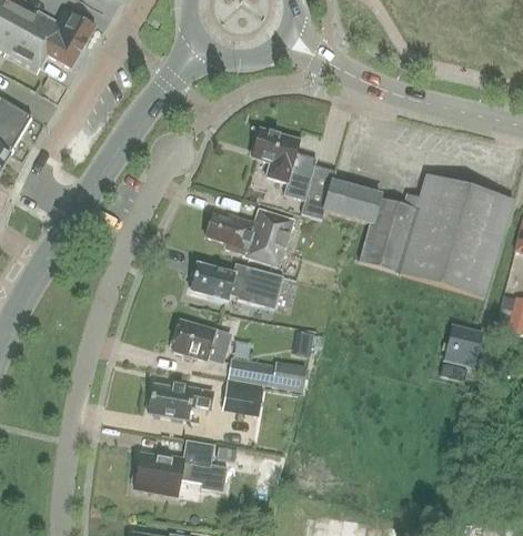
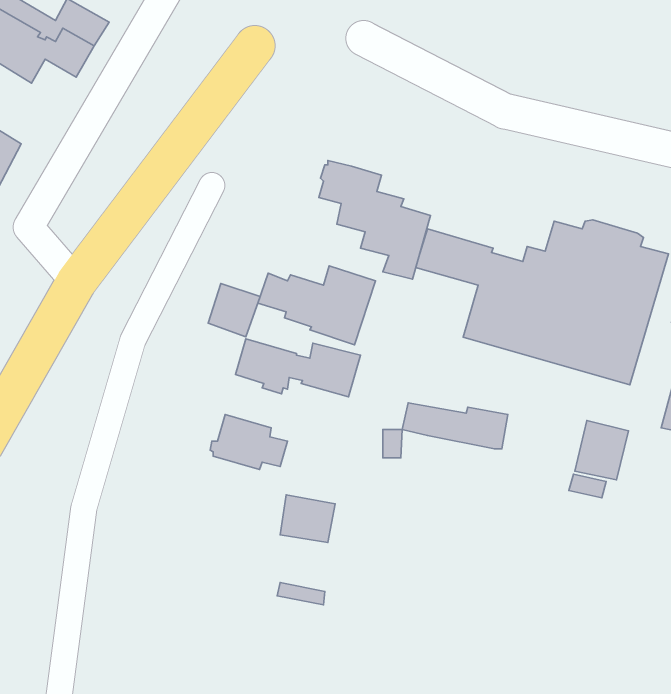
building: none -> [208,284,260,337]
building: [228,356,306,391] -> [402,403,508,449]
building: [149,381,214,419] -> none
building: [133,438,228,495] -> none

